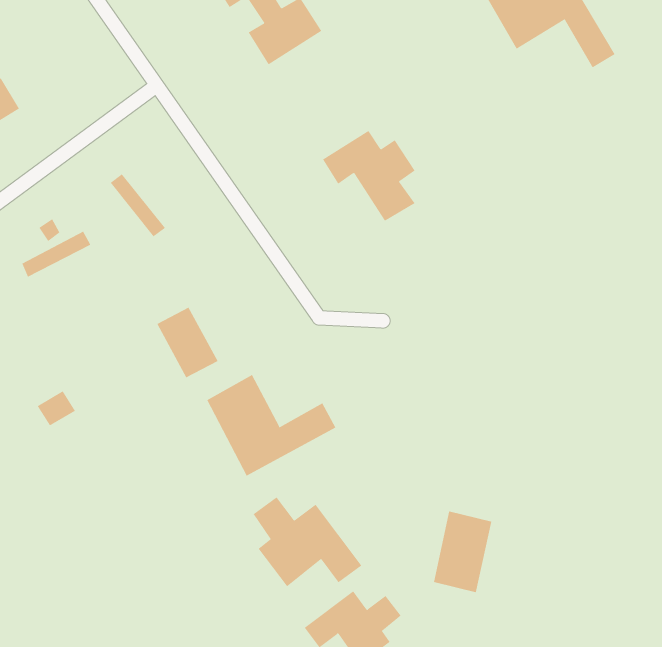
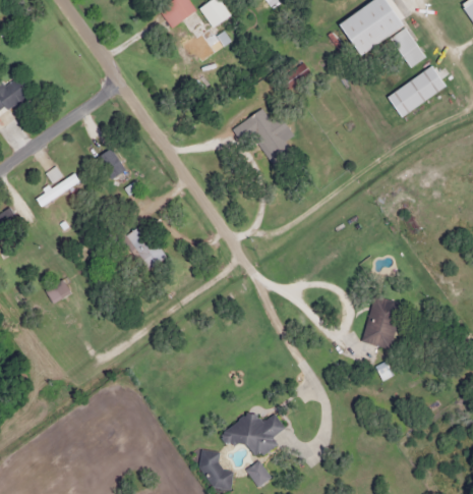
building: none -> [387,66,446,115]
building: [207,374,336,476] -> none
building: [253,496,362,587] -> none
building: [433,511,492,593] -> [362,294,401,348]

